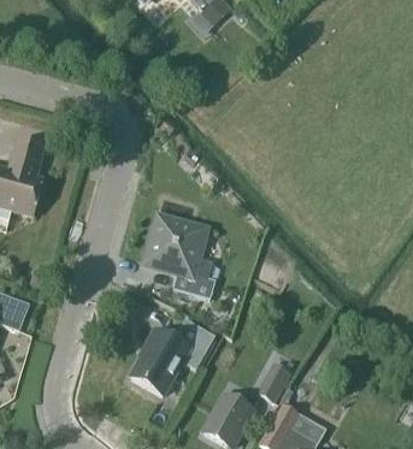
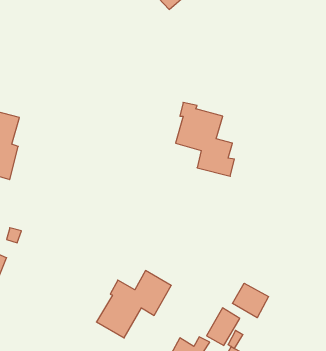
building: [148,214,214,297] -> [176,102,234,176]
building: none -> [232,283,269,318]

